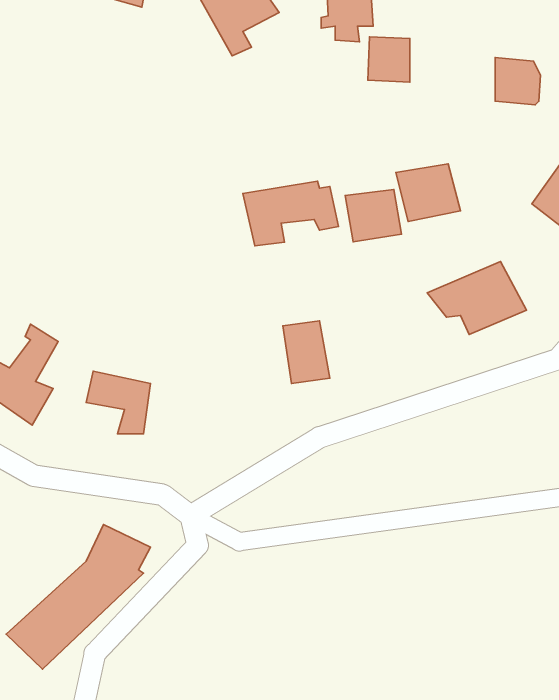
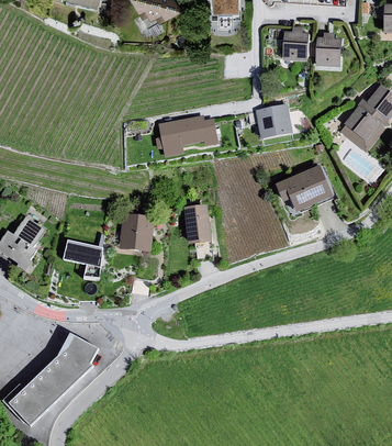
building: [368,37,410,82] -> [282,32,309,60]
building: [345,190,401,242] -> none
building: none -> [116,213,153,250]

